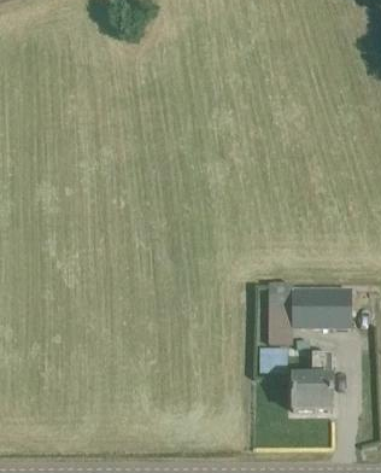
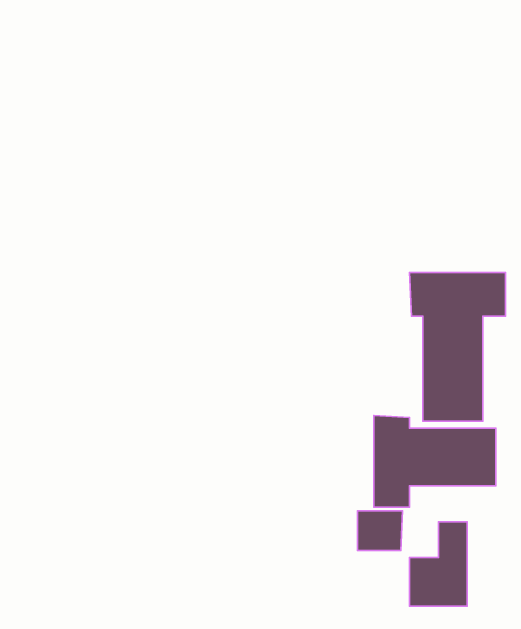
building: none -> [410,272,506,421]

